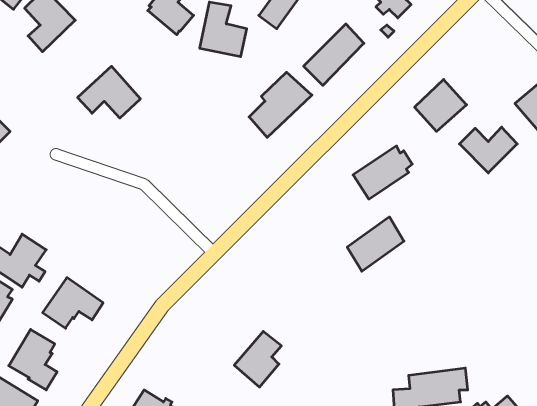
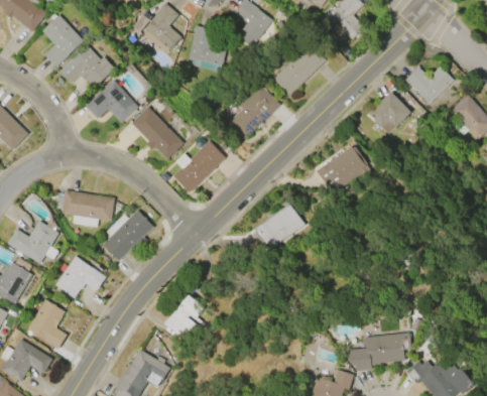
building: none -> [60,44,113,87]
building: none -> [130,106,184,159]
building: [459,127,517,173] -> [405,65,454,104]
building: none -> [172,140,226,192]
building: none -> [55,189,115,228]
building: [347,217,404,271] -> [255,205,302,250]
building: none -> [102,210,154,262]
building: [234,331,281,387] -> [165,295,205,342]

